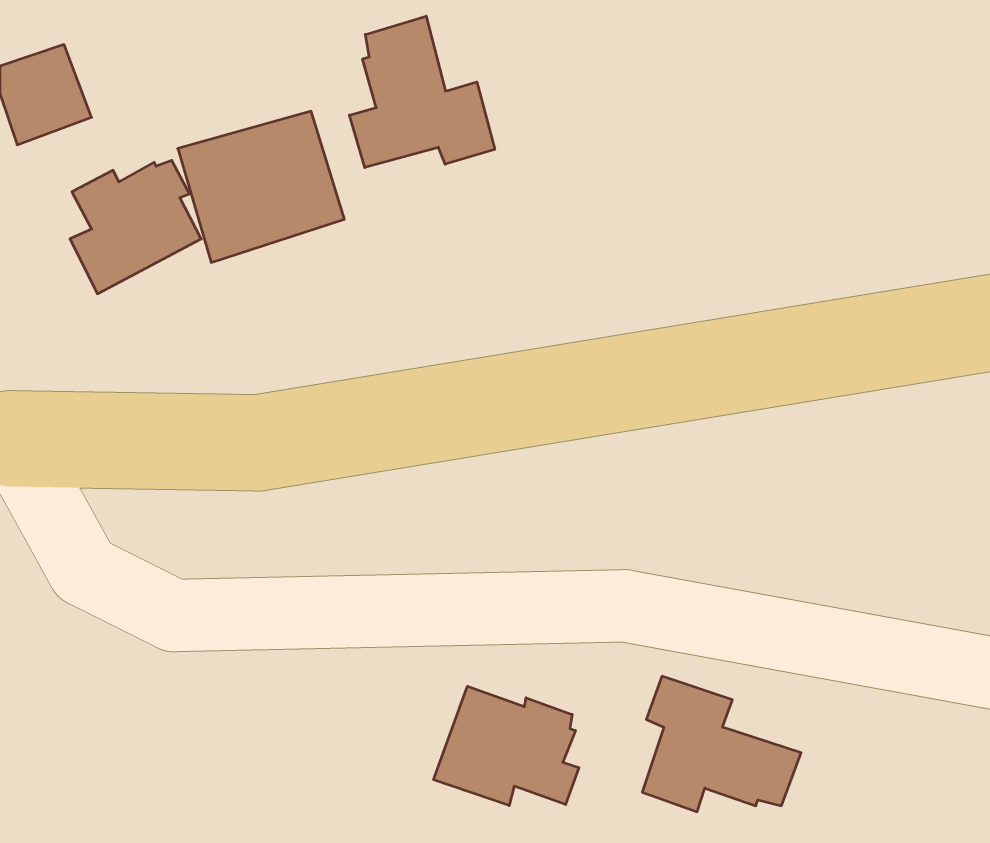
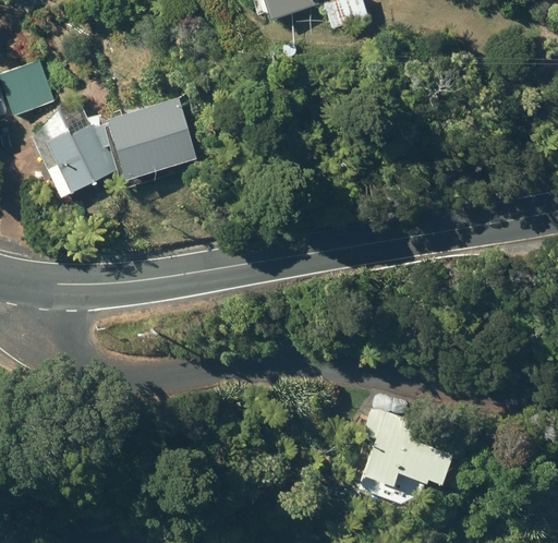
building: [349,16,495,168] -> none
building: [434,686,579,806] -> none

